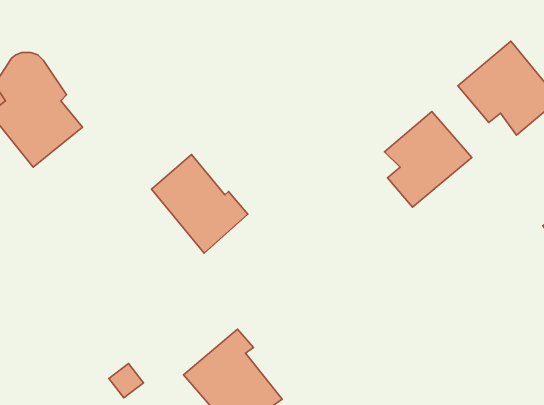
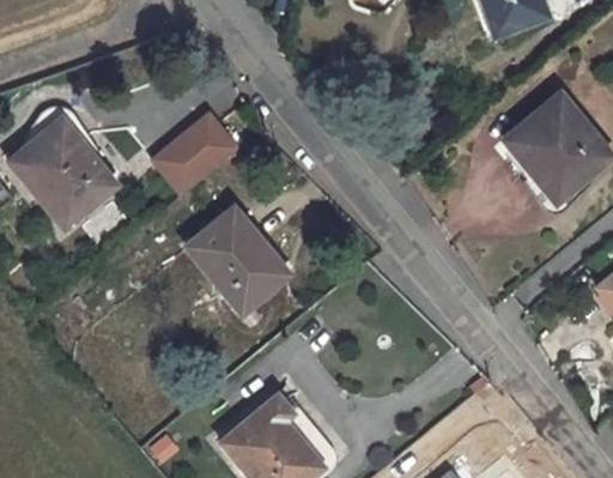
building: none -> [156,115,238,193]
building: [385,112,472,207] -> none

